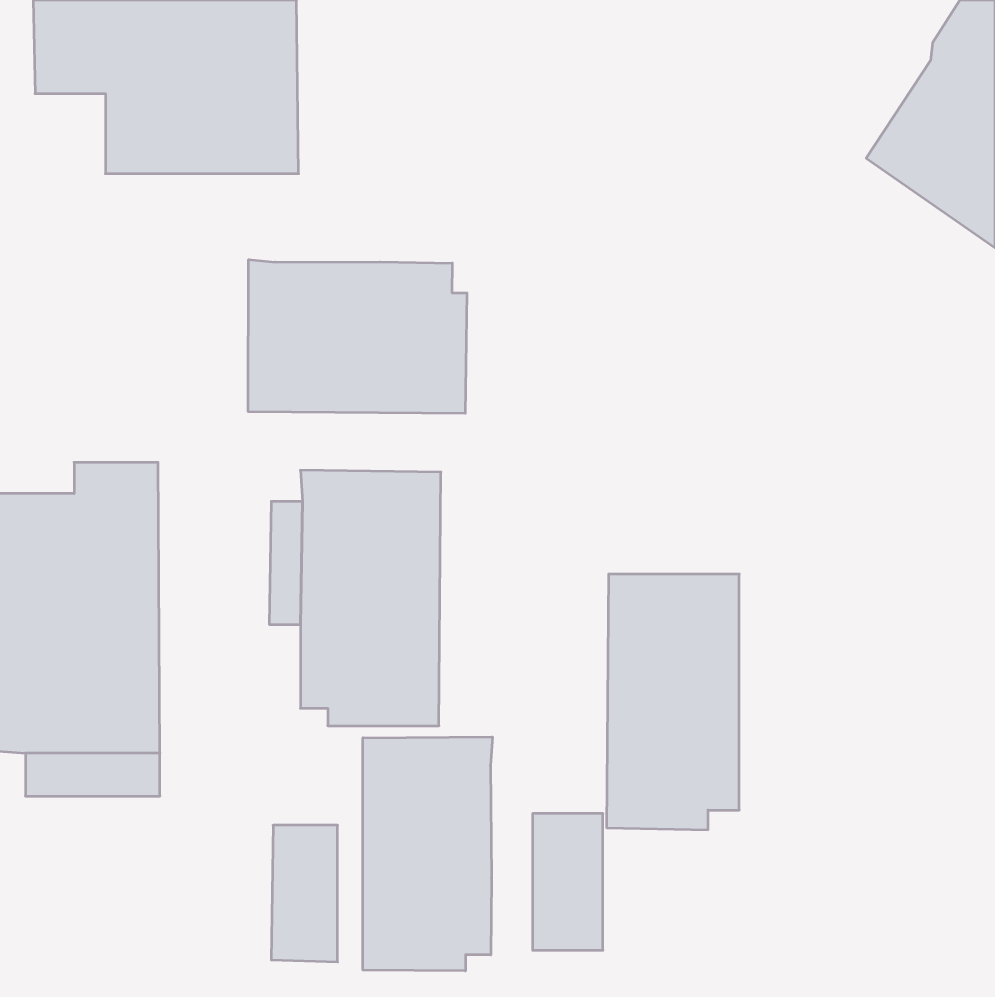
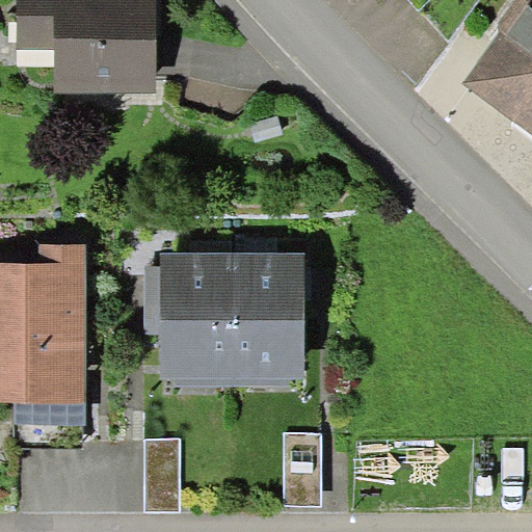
building: [248,260,467,413] -> none
building: [607,574,739,830] -> [234,251,304,388]
building: [363,737,492,971] -> none

